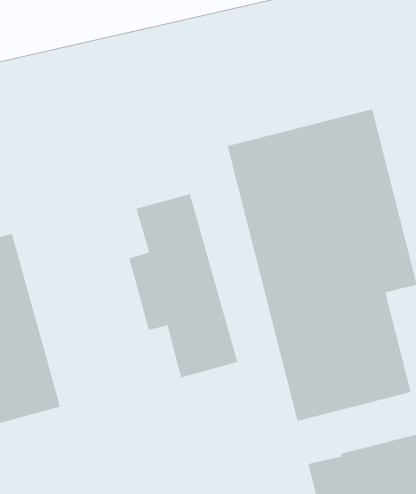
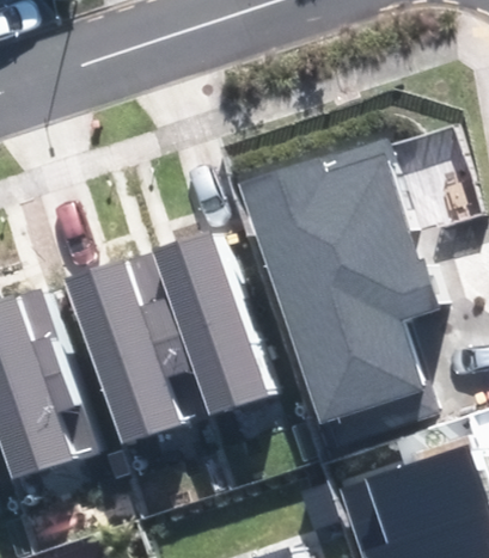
building: none -> [65,262,176,443]

